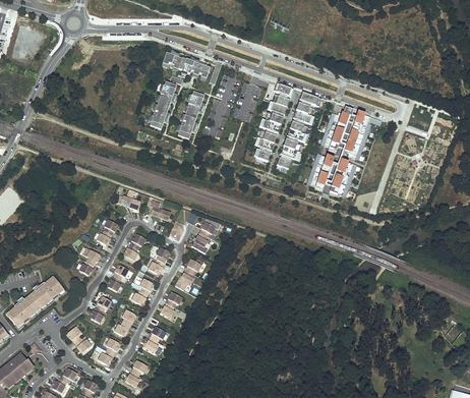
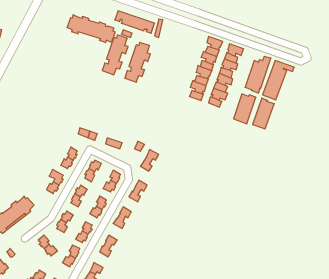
building: none -> [67,15,115,43]

